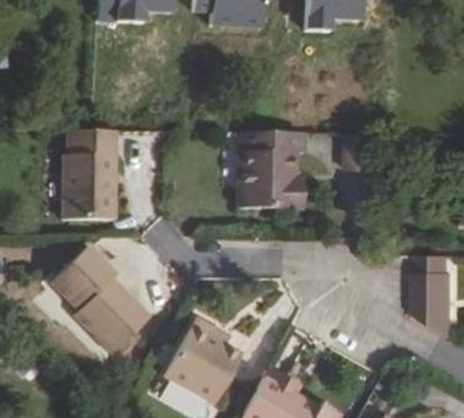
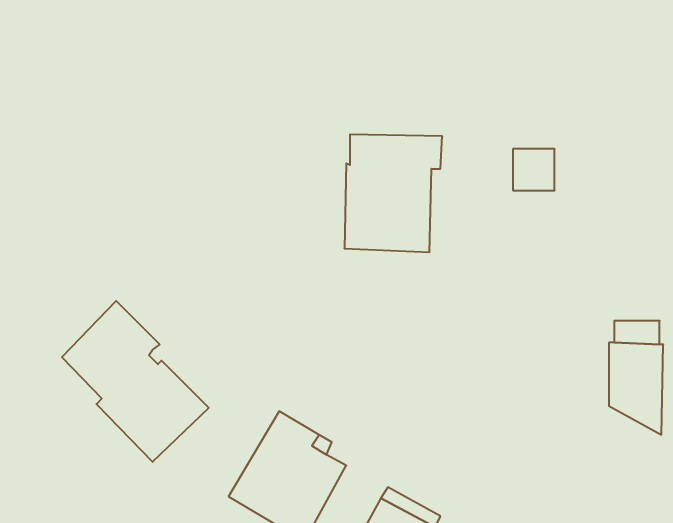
building: [61,130,114,219] -> none

